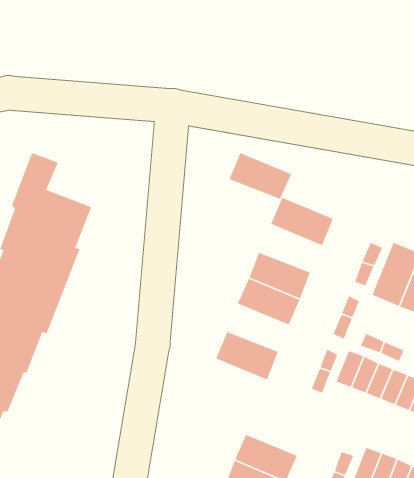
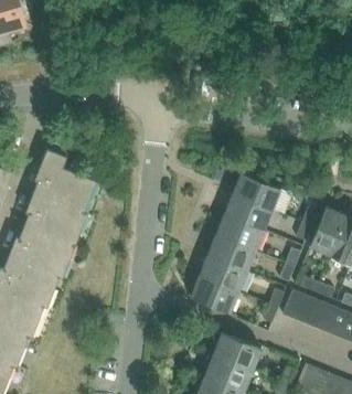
building: [228,152,292,200] -> [224,193,273,230]
building: none -> [200,254,247,290]
building: none -> [214,332,263,370]

